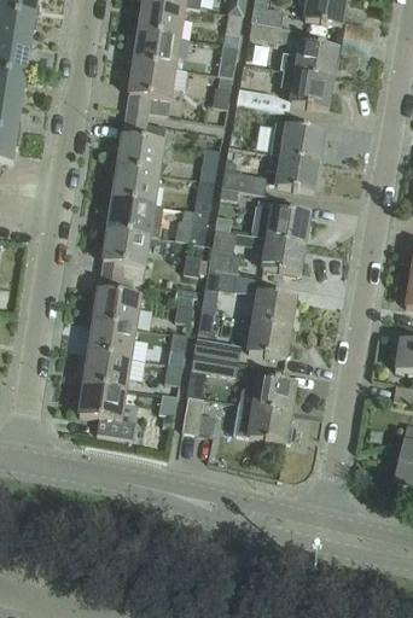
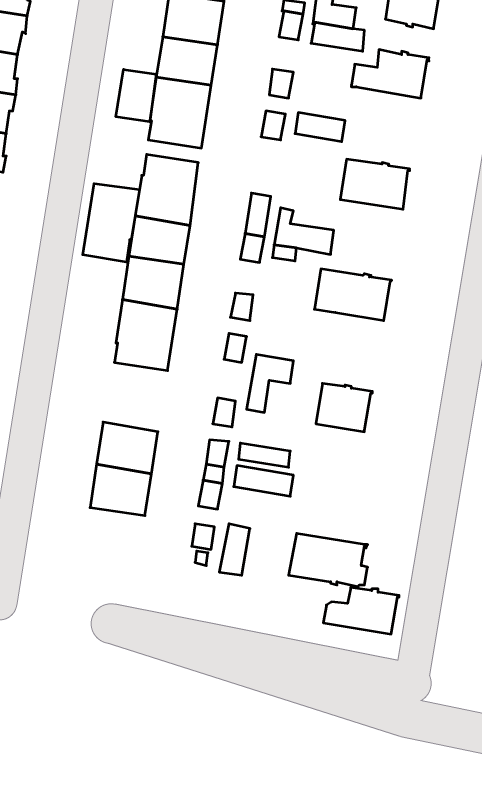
building: none -> [116,69,156,122]
building: [279,69,333,107] -> none
building: none -> [83,184,139,262]
building: [267,153,319,191] -> none
building: [208,231,238,274] -> none
building: [262,238,304,274] -> none
building: [93,275,141,327] -> none
building: [248,321,291,357] -> none
building: [238,377,295,412] -> [323,587,399,634]
building: [78,384,134,439] -> none

